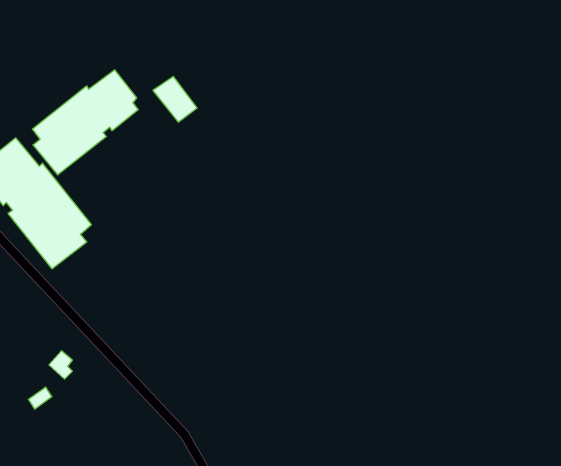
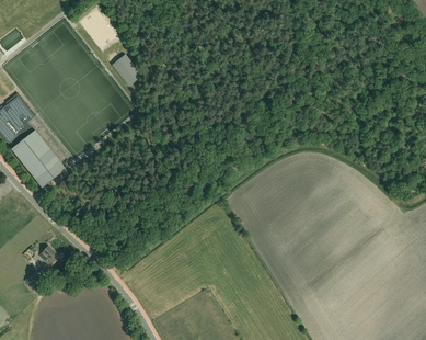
building: [32,70,138,175] -> none

